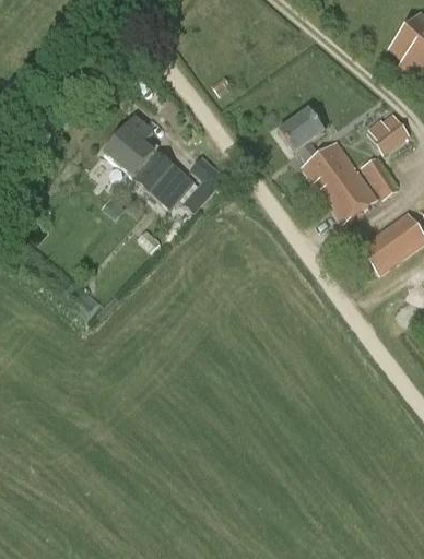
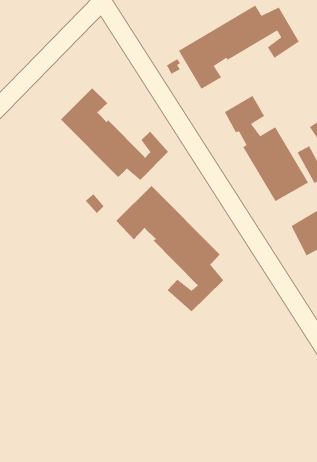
building: none -> [178,4,300,90]
building: none -> [116,185,224,312]

